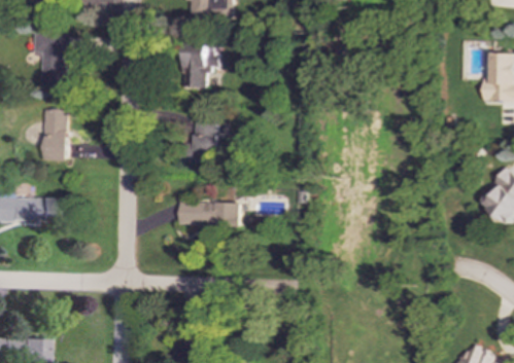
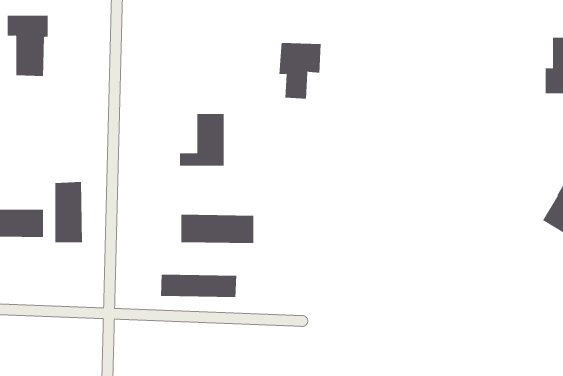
building: [183,41,219,88] -> [278,43,322,99]
building: [44,109,68,160] -> [55,181,83,243]
building: none -> [160,274,237,298]

